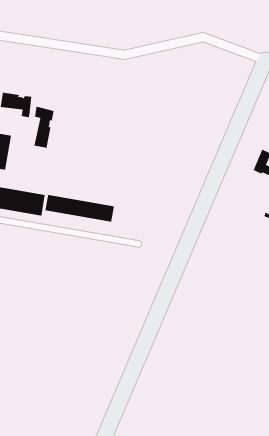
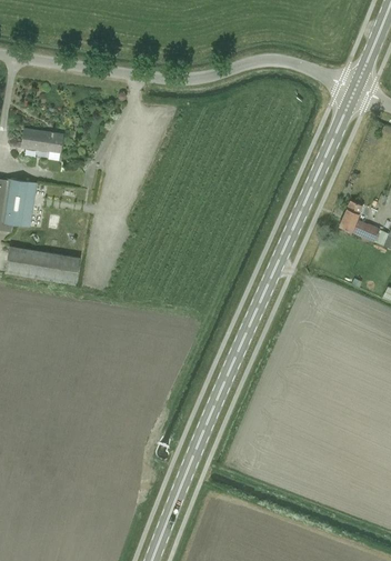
building: [34,106,54,148] -> none
building: [45,194,115,222] -> none

